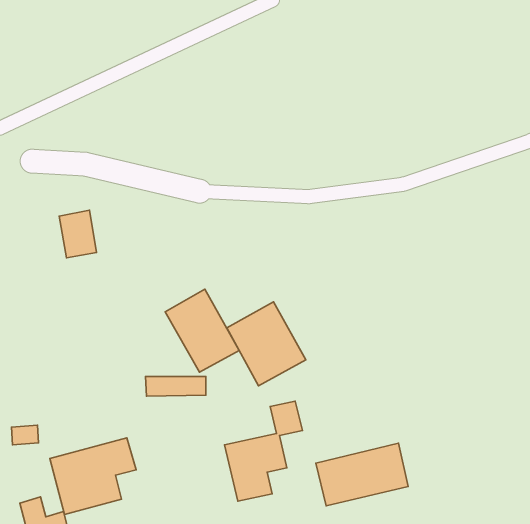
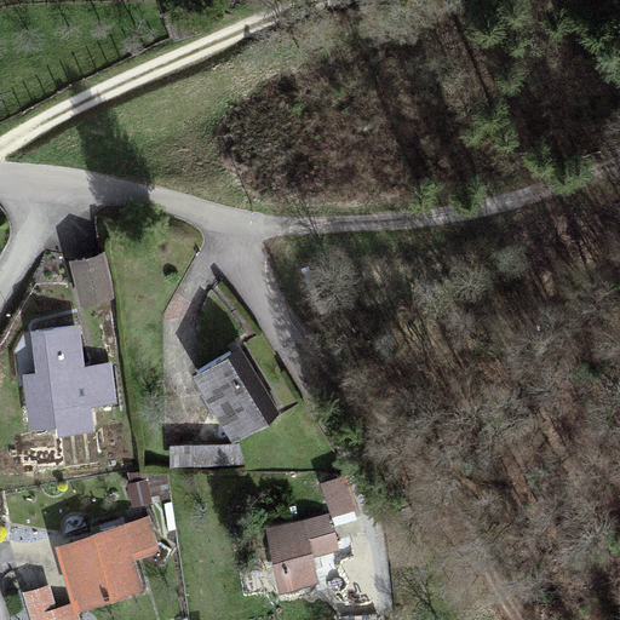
building: none -> [23,328,115,435]
building: [227,302,306,386] -> none
building: [316,443,408,506] -> none

